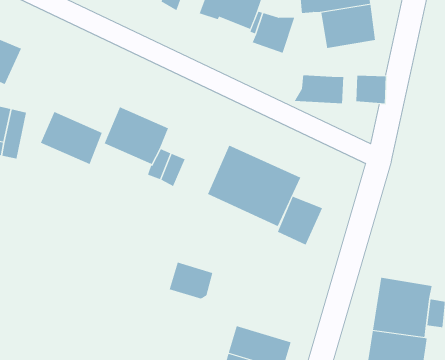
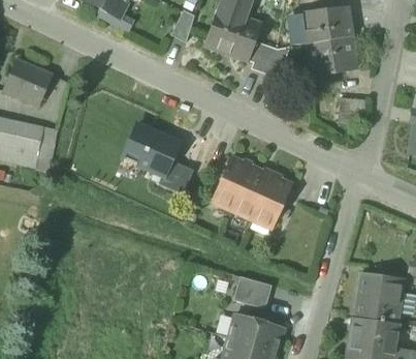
building: [294,75,344,104] -> none
building: [40,111,103,165] -> none
building: [277,196,323,246] -> none
building: [169,262,213,299] -> [232,275,270,307]

